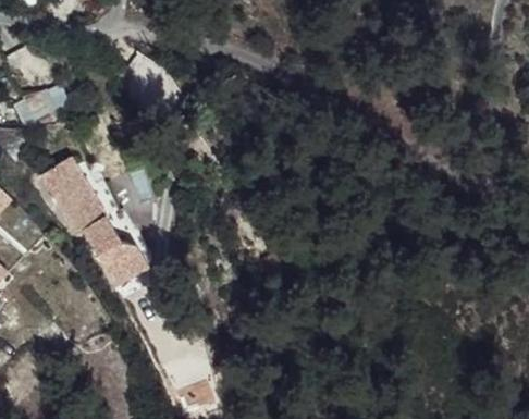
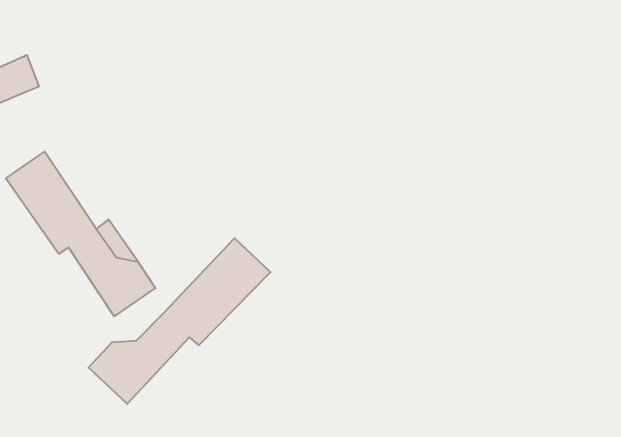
building: none -> [89,238,271,404]

